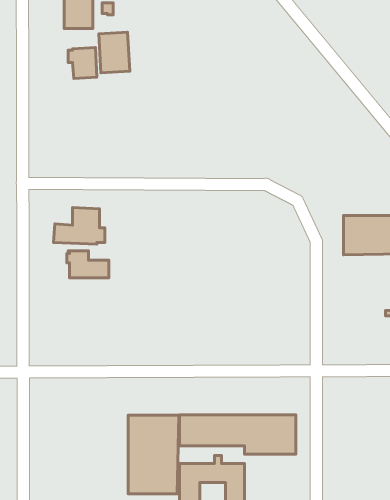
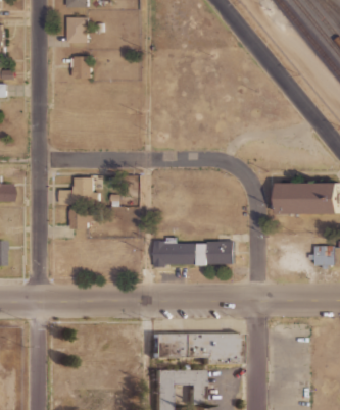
building: [99,32,130,73] -> none
building: none -> [155,238,236,267]
building: [128,415,179,494] -> none

